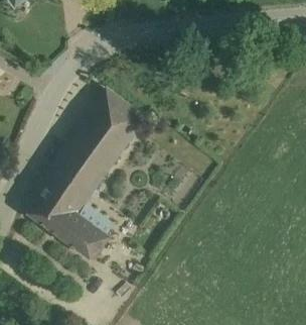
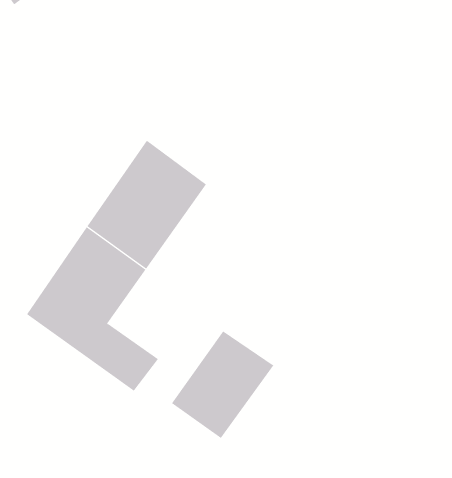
building: none -> [171,331,274,439]

